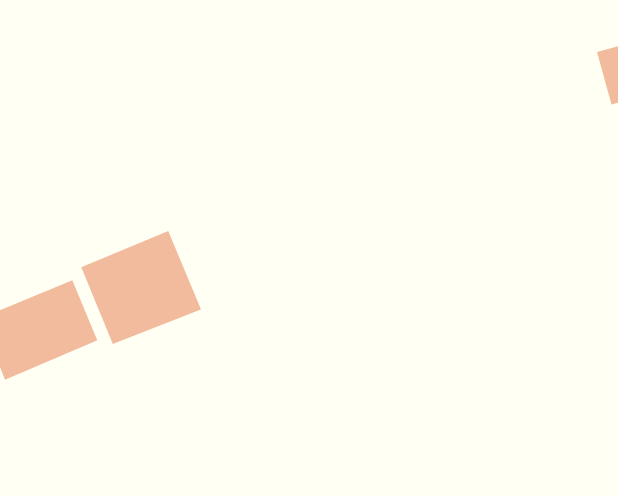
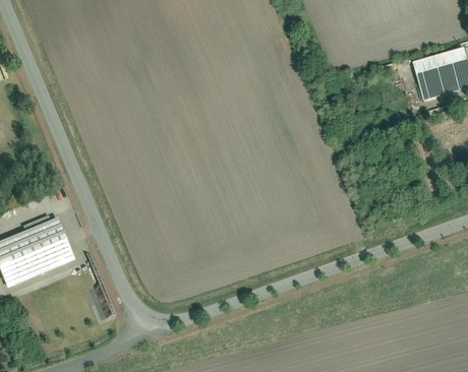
building: [81,230,202,345] -> none

